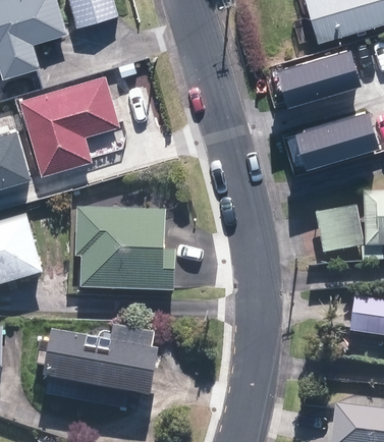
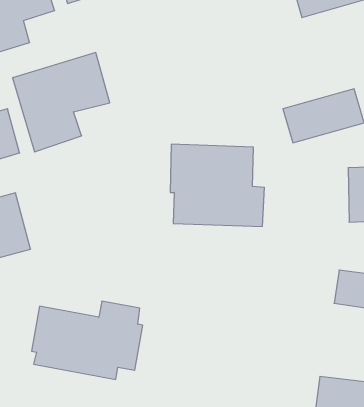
building: [280,50,362,105] -> none
building: [315,206,361,252] -> none
building: [76,207,172,290] -> [170,144,264,226]

